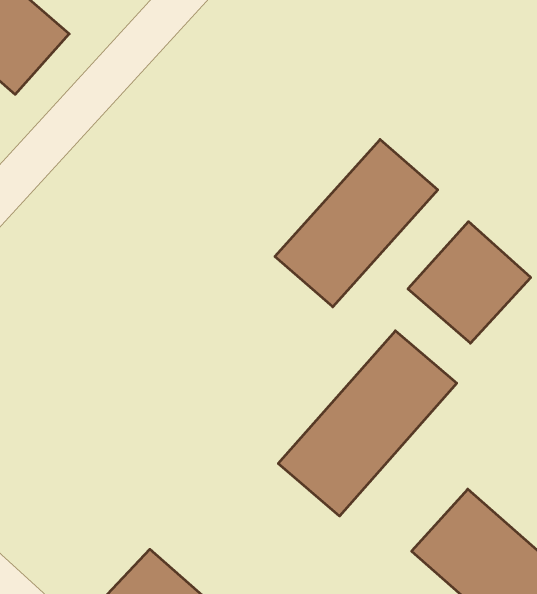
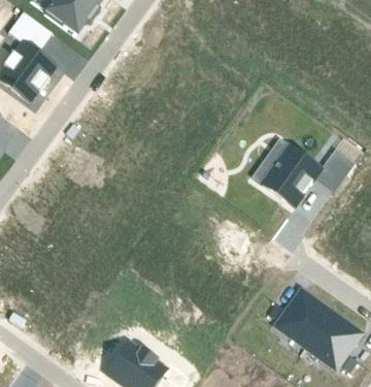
building: [275,139,438,307] -> none
building: [278,331,457,516] -> none

